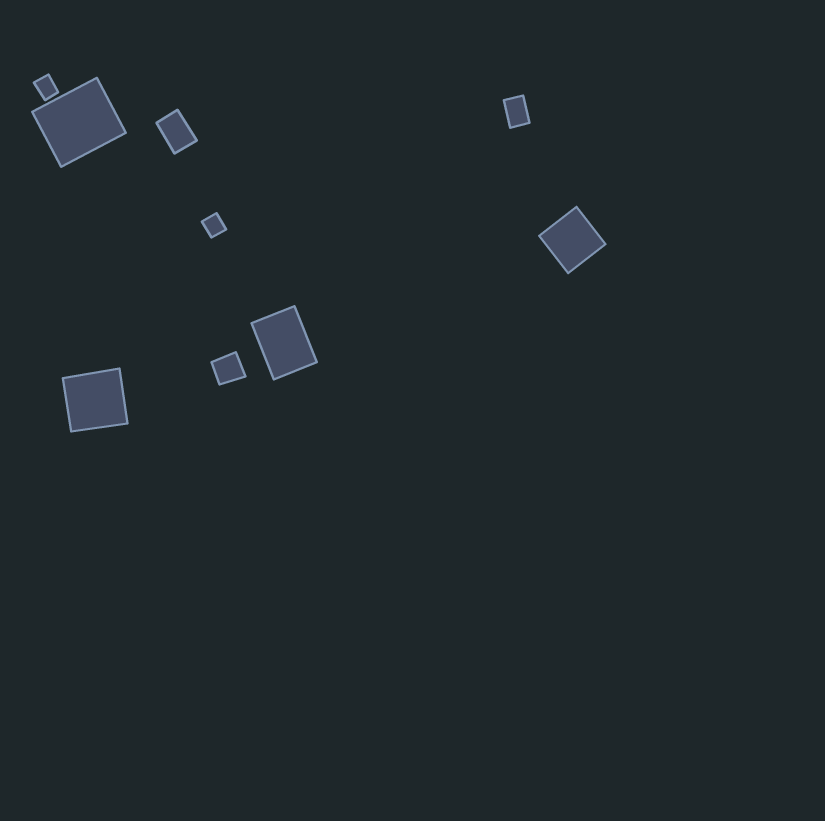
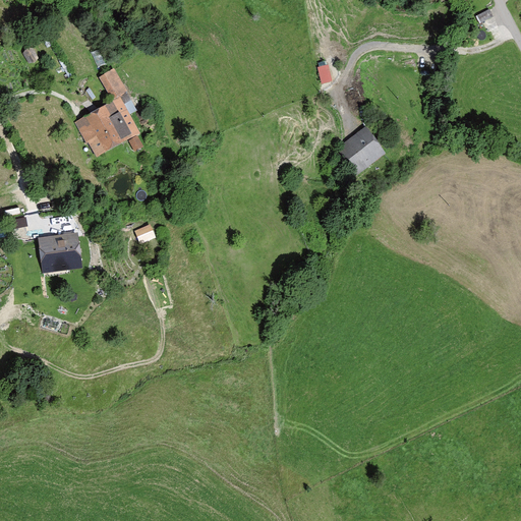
building: [32,78,126,167] -> [77,98,136,154]
building: [252,306,317,379] -> none

